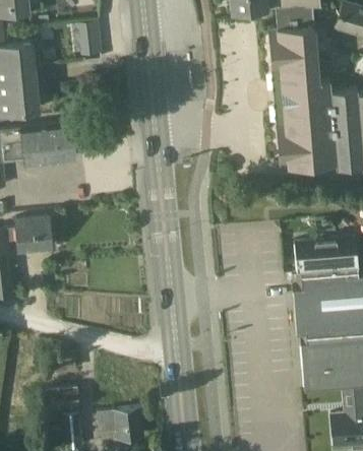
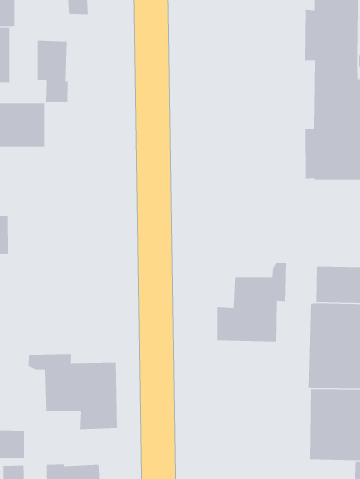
building: none -> [37,40,68,103]
building: none -> [216,262,287,342]
building: none -> [28,354,118,430]

